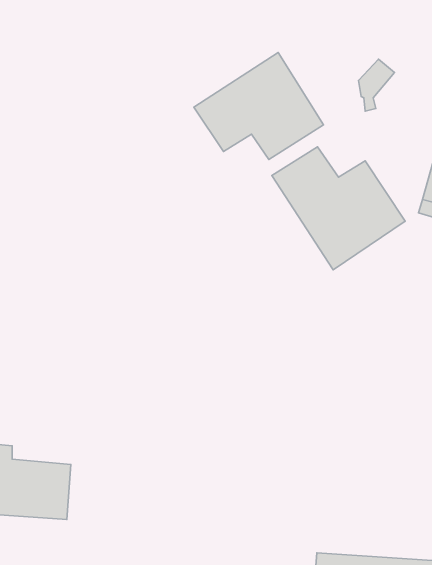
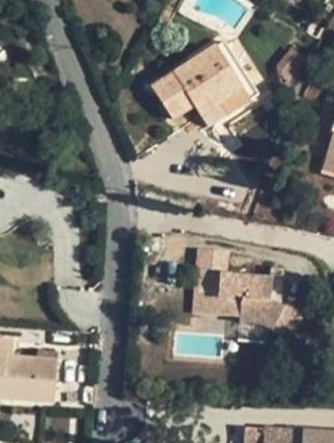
building: [272,147,405,270] -> none
building: none -> [198,253,296,339]

